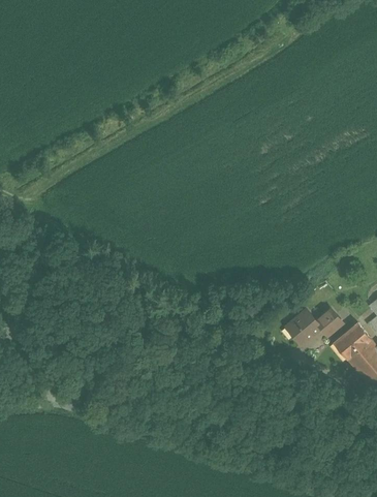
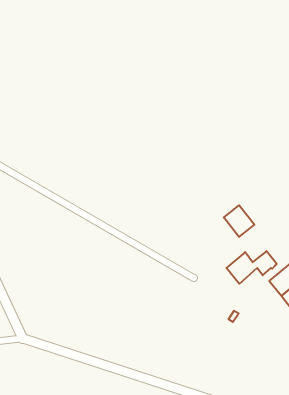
building: none -> [224,205,254,237]

